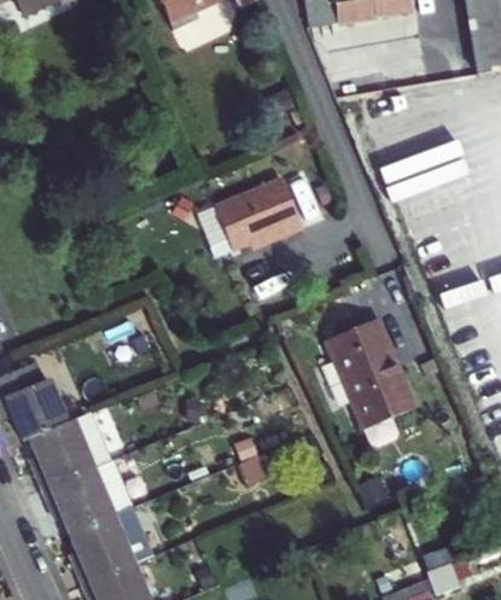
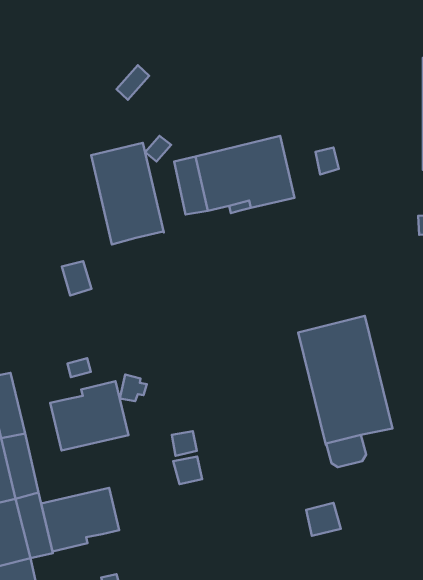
building: none -> [91,143,164,244]
building: none -> [50,381,129,450]
building: none -> [41,488,119,551]

